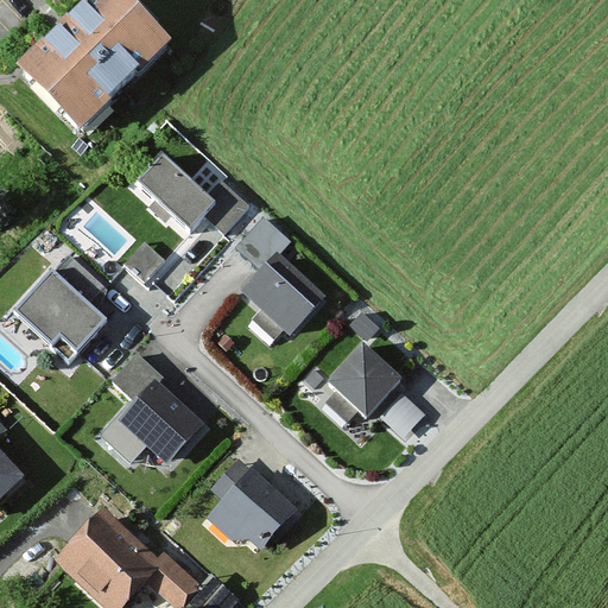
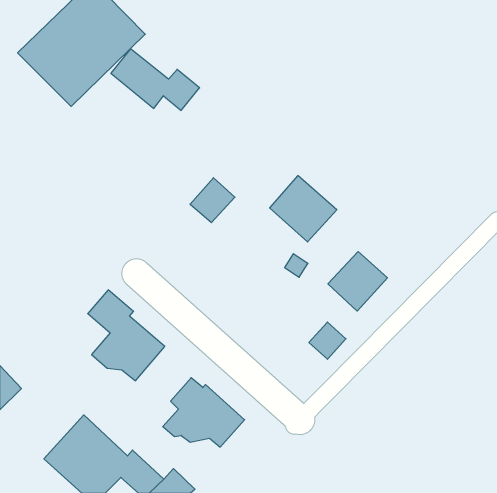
building: [137,157,245,232] -> [111,49,200,110]
building: [243,255,325,336] -> [270,176,337,242]
building: [14,258,103,361] -> none
building: [327,343,399,416] -> [328,252,387,311]

